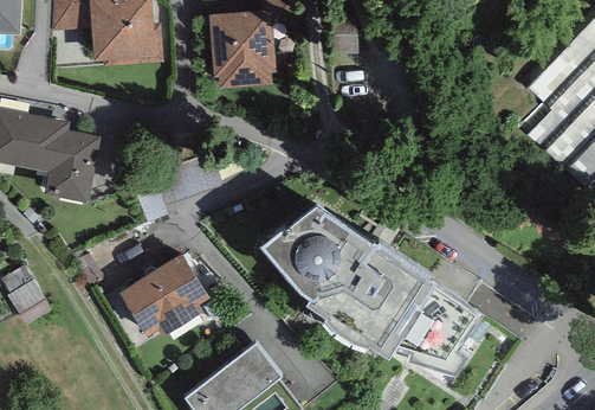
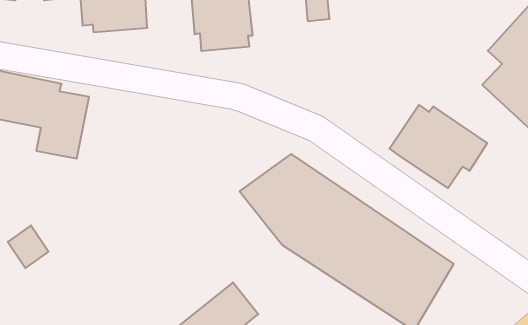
building: none -> [389,105,487,188]
building: [118,252,209,338] -> none

